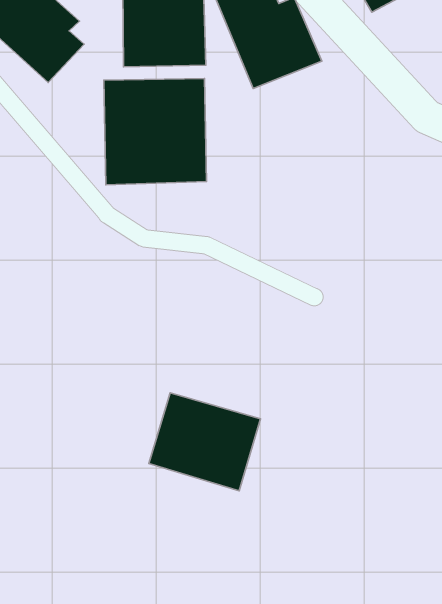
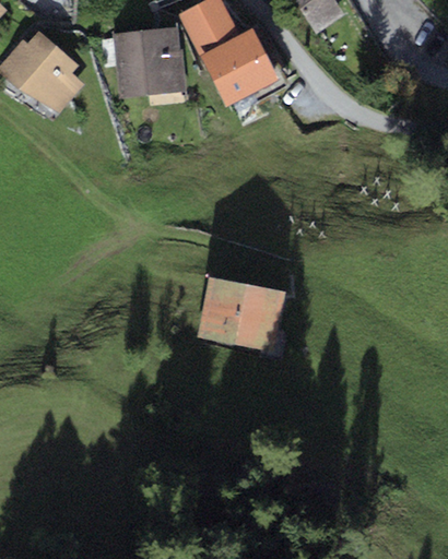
building: [104,79,207,185] -> none
building: [149,393,261,491] -> [198,275,285,349]

